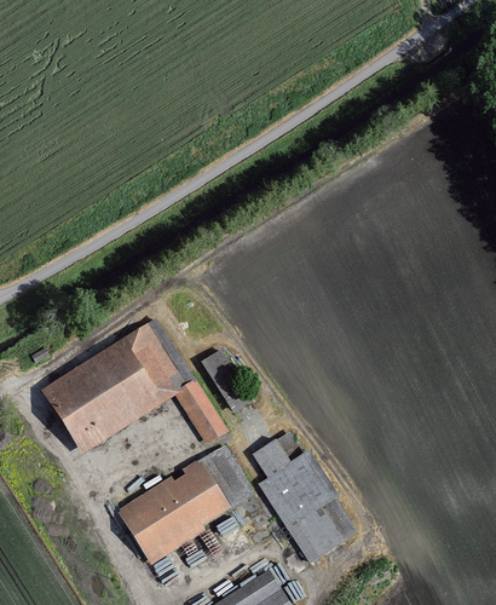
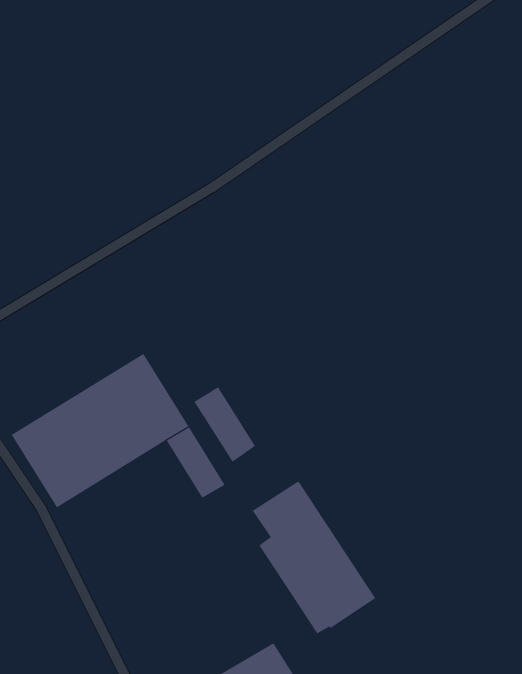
building: [117,444,256,560] -> none

